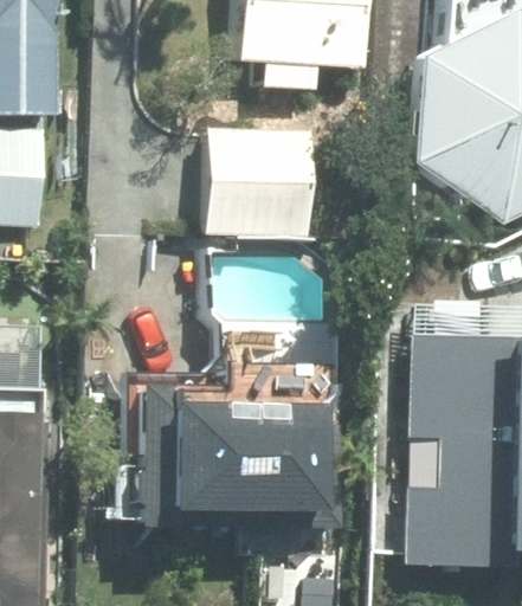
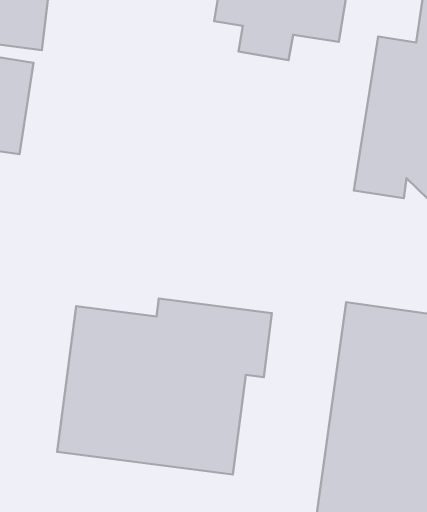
building: [202,129,321,239] -> none

